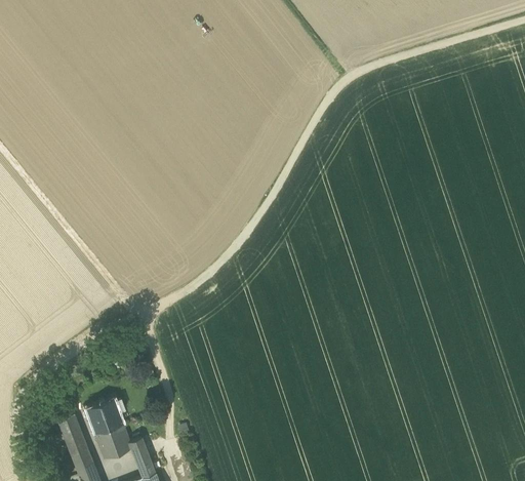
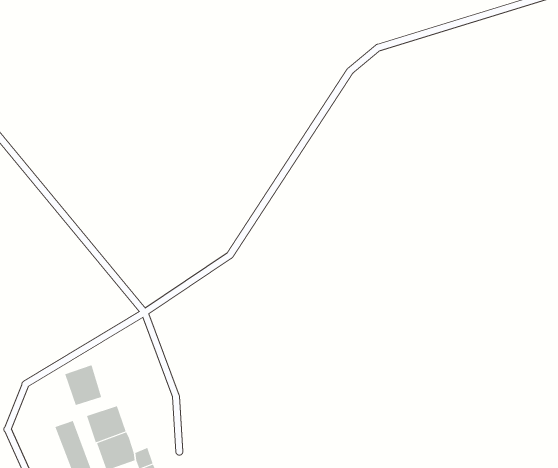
building: none -> [64,365,102,406]

